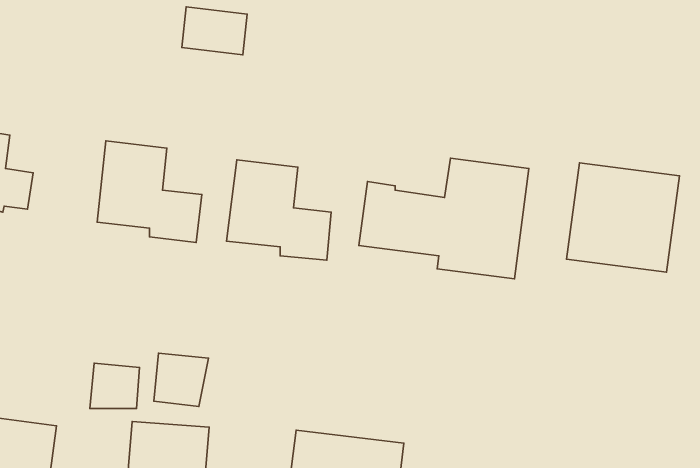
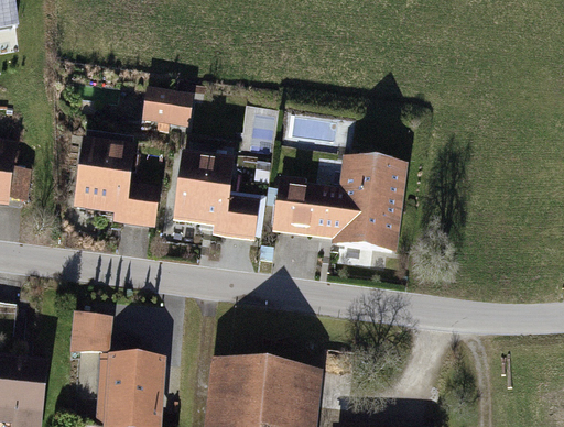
building: [182,7,247,55] -> [143,88,193,124]
building: [566,163,680,272] -> none
building: [154,353,209,406] -> none

